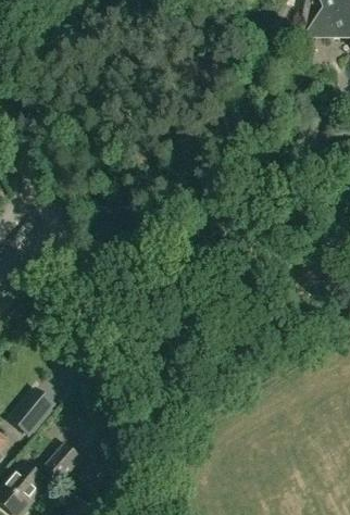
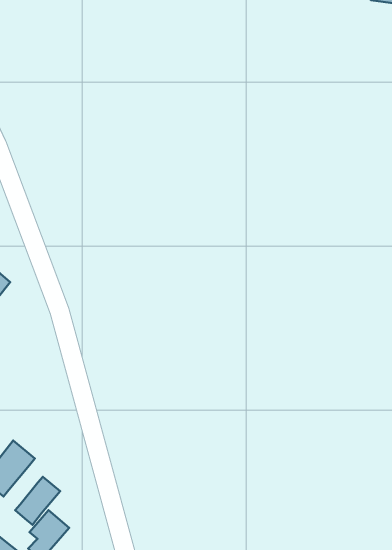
building: none -> [15,477,60,525]

